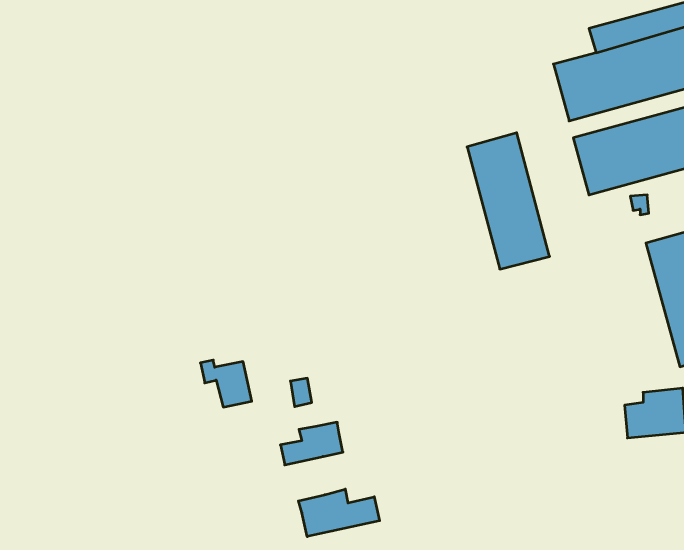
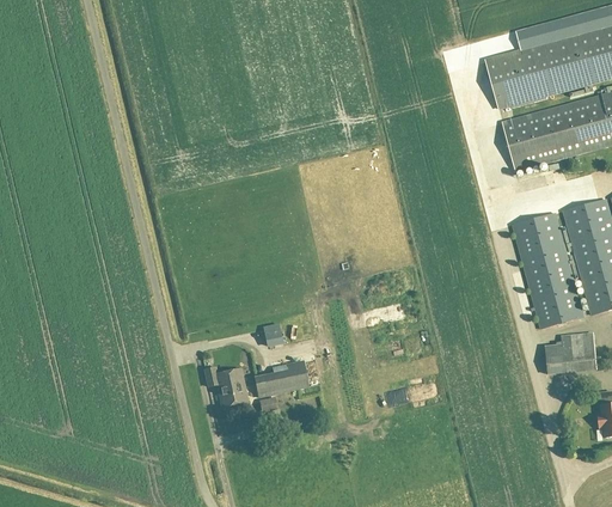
building: [467,133,550,269] -> [513,213,582,328]
building: [200,360,252,407] -> [204,367,247,407]
building: [298,489,380,537] -> none

